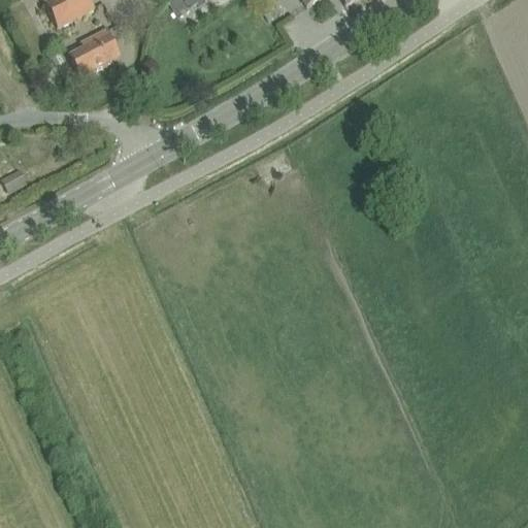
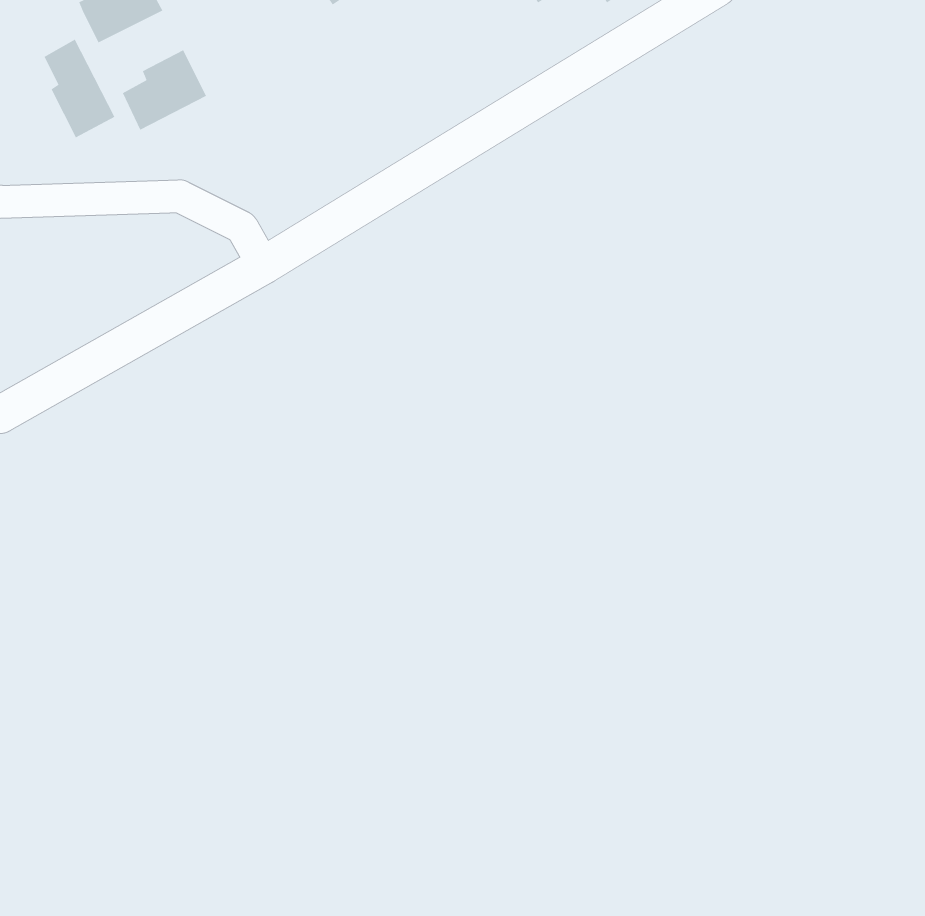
building: none -> [44,38,116,138]

